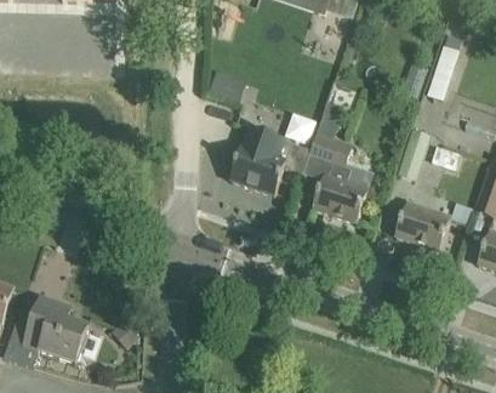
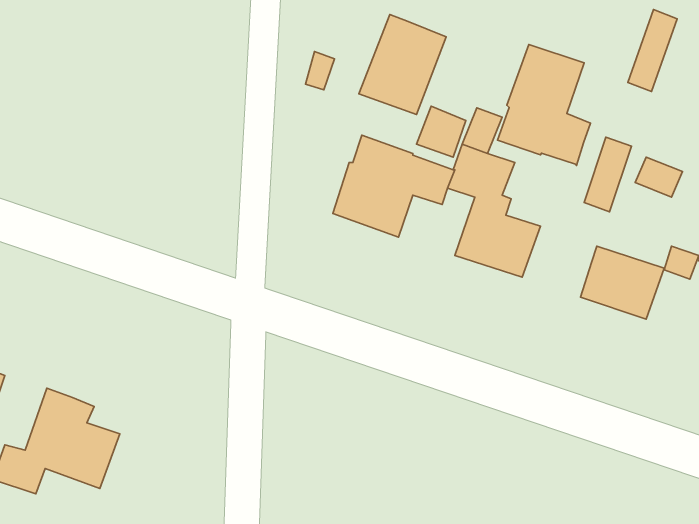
building: none -> [359,14,446,114]
building: none -> [498,44,591,165]

